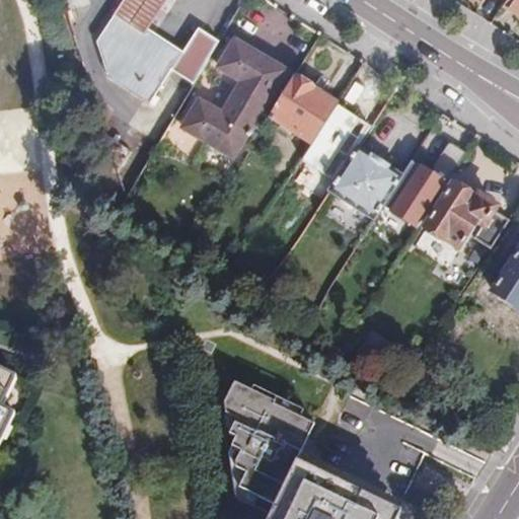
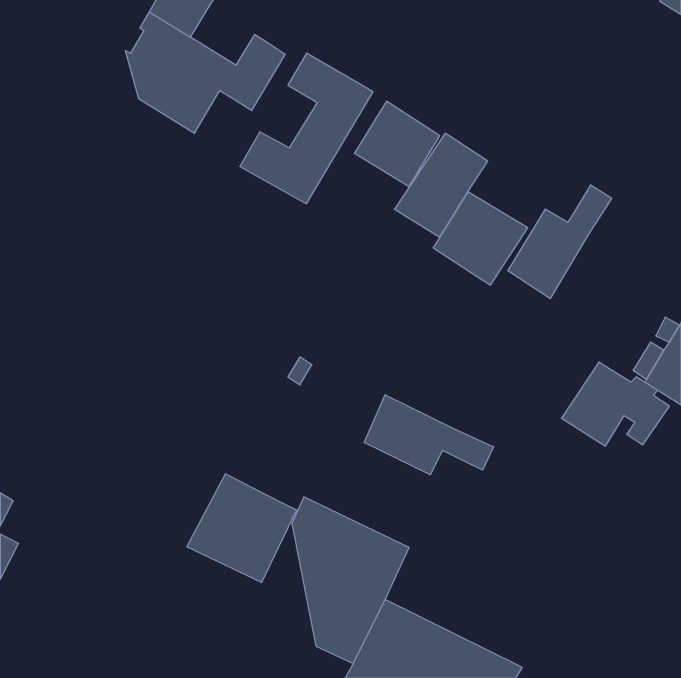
building: [426,184,508,248] -> [561,362,669,446]
building: none -> [364,395,494,475]
building: none -> [187,474,296,583]

